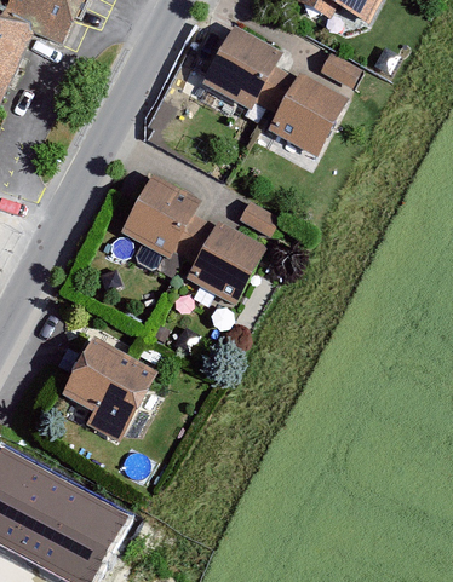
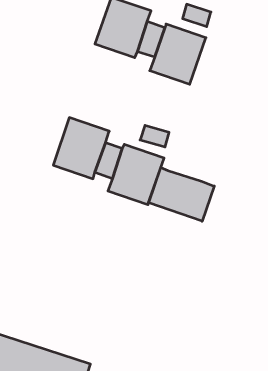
building: none -> [149,168,214,221]
building: [62,341,157,446] -> none

